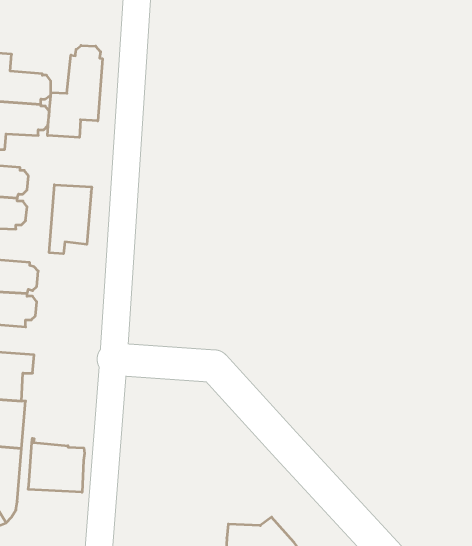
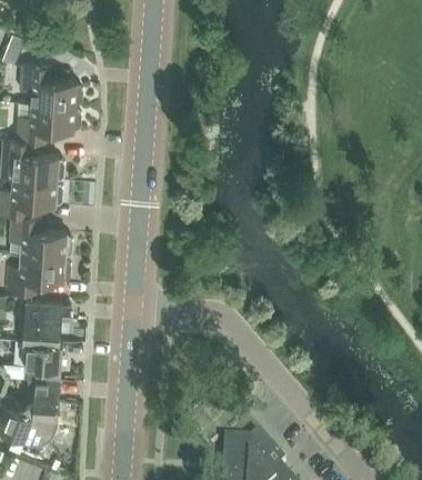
building: [48,45,102,137] -> none
building: [49,185,92,254] -> none
building: [28,438,85,492] -> none

